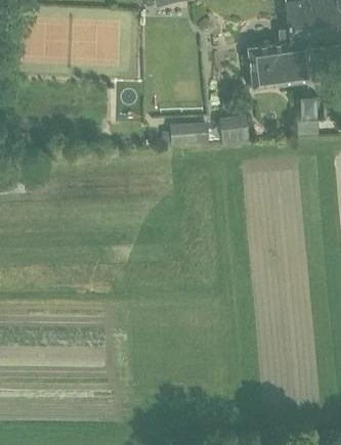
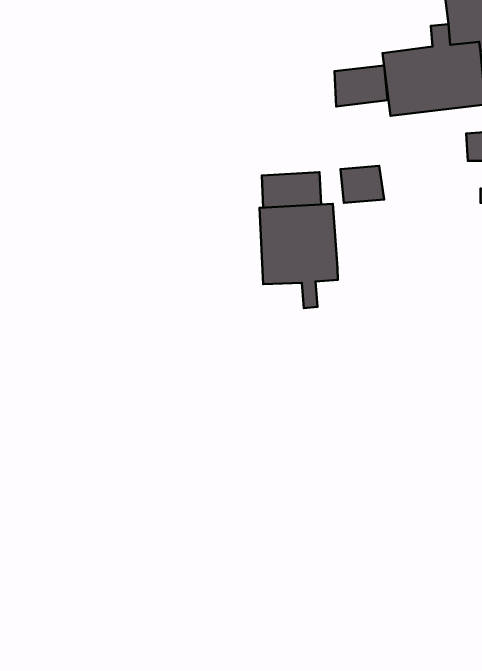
building: none -> [335,65,388,106]
building: none -> [259,204,338,308]

